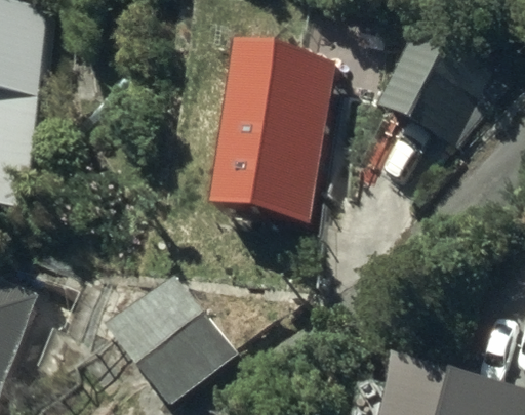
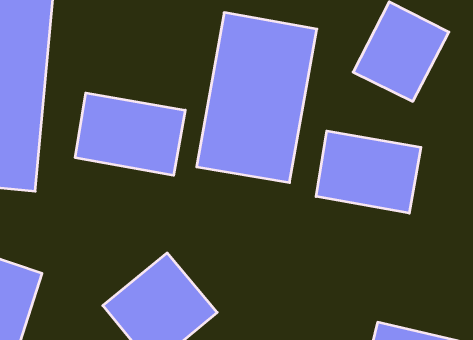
building: none -> [75,93,185,175]
building: none -> [316,131,421,213]

